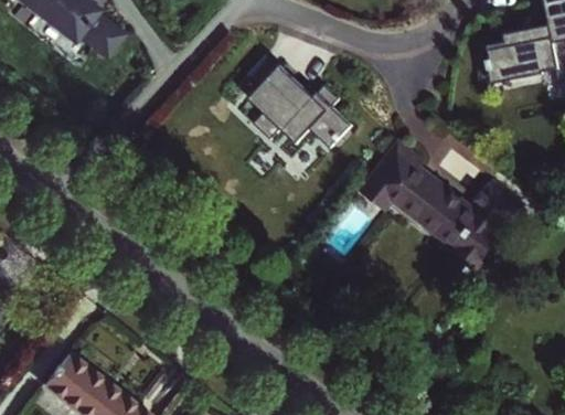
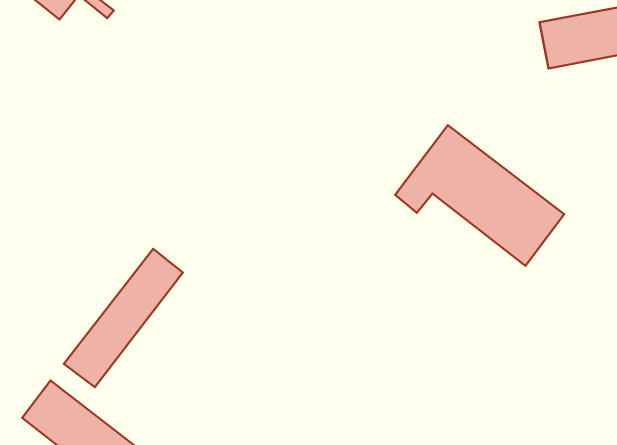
building: [249,63,356,151] -> none
building: none -> [64,249,183,387]

